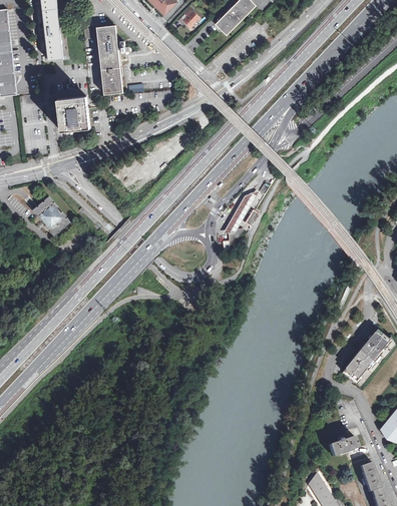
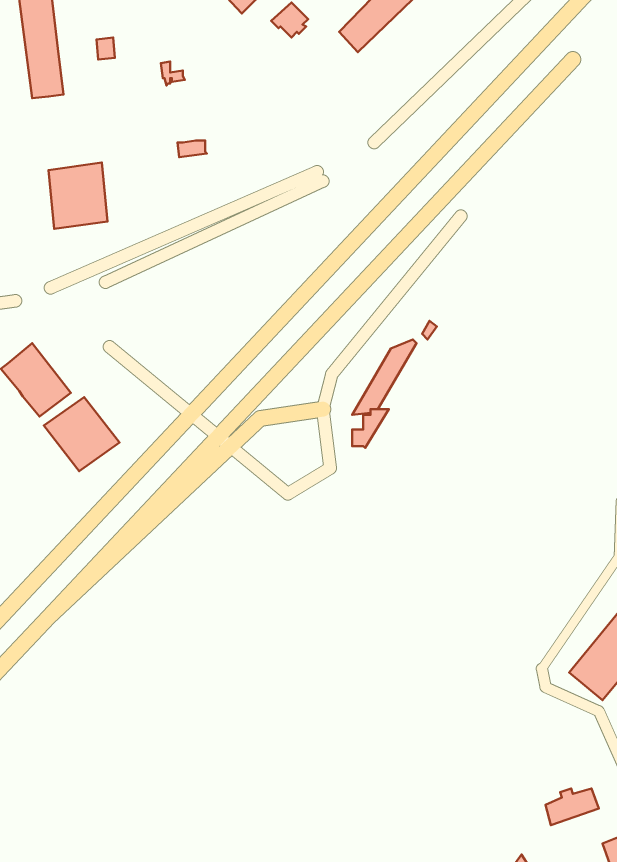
building: [95,25,122,94] -> none
building: none -> [44,397,119,471]

